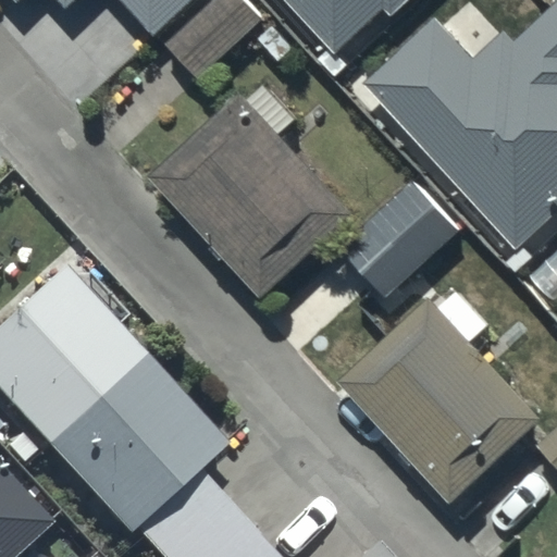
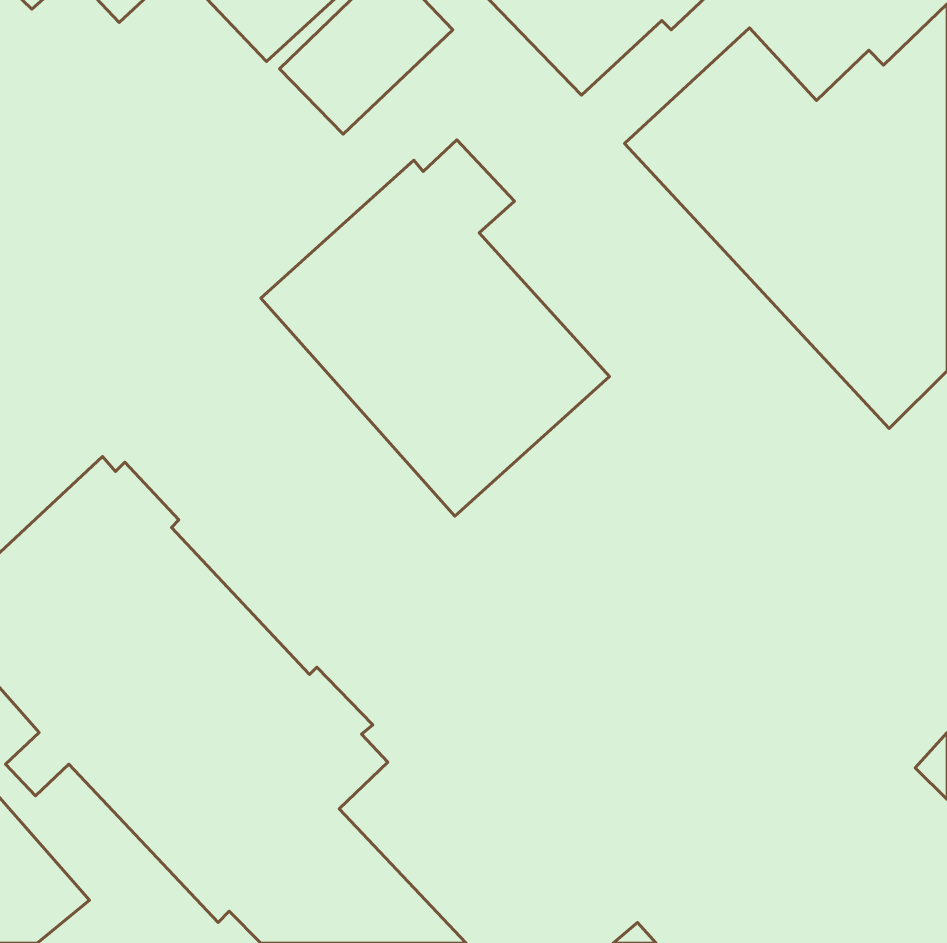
building: [338,176,461,300] -> none
building: [335,289,548,509] -> none

